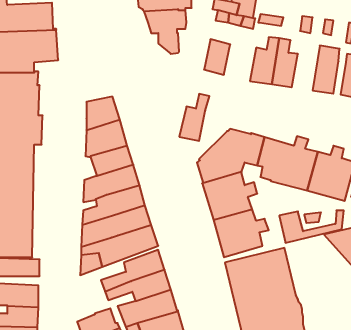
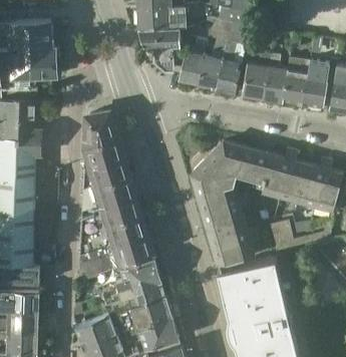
building: none -> [282,59,309,105]
building: none -> [217,61,241,94]
building: [179,94,209,141] -> [179,40,208,85]

